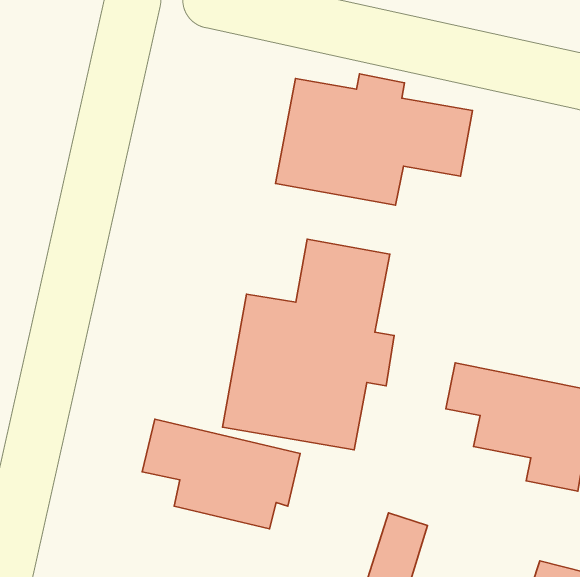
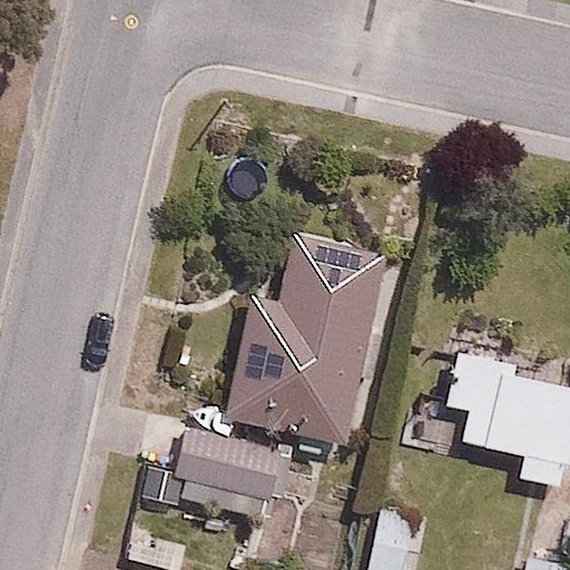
building: [276,74,472,205] -> none

